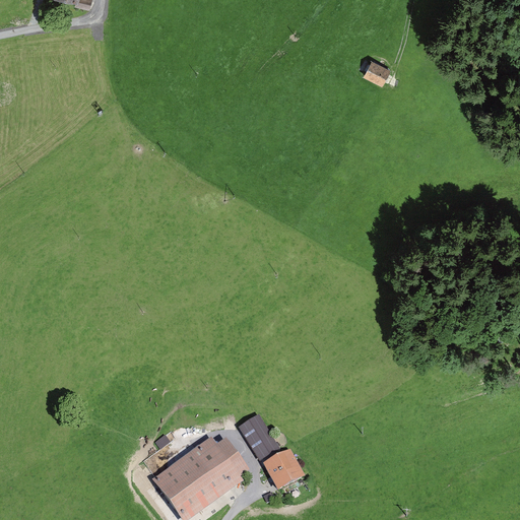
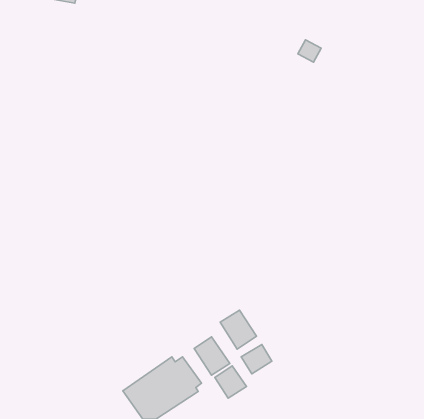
building: none -> [220,310,257,349]
building: none -> [241,344,272,374]

